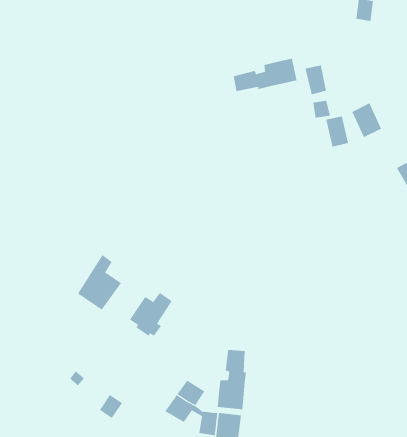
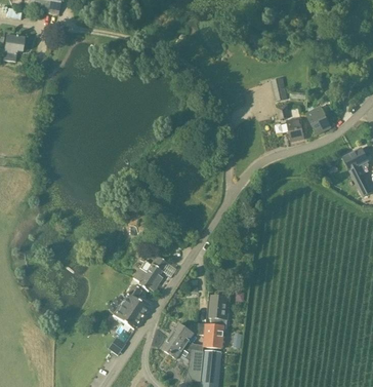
building: [233,58,297,92] -> none
building: [77,254,122,310] -> [114,283,149,327]

